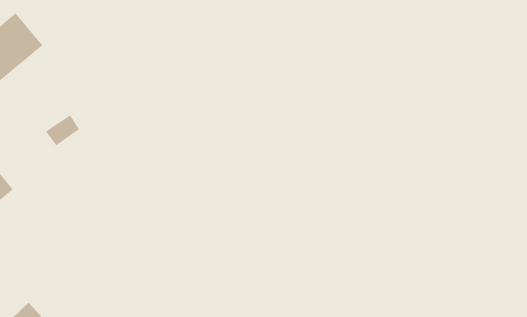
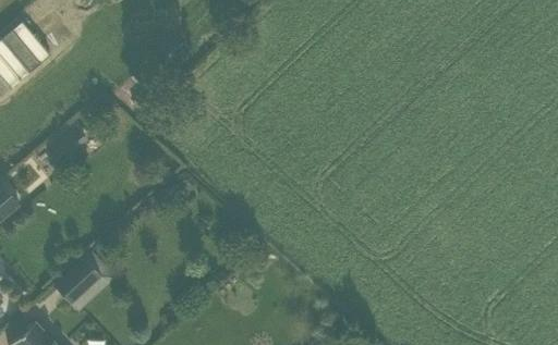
building: none -> [56,260,100,305]

